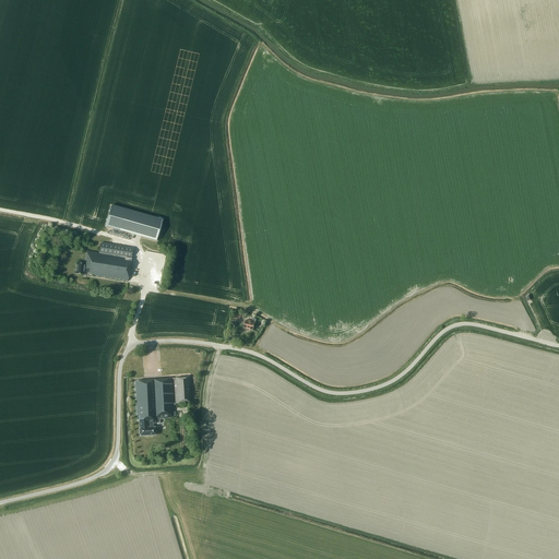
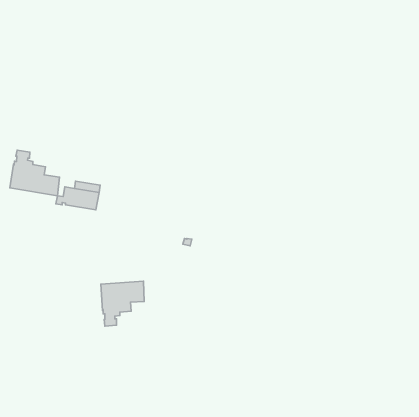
building: none -> [10,150,60,196]
building: [119,207,162,239] -> none

